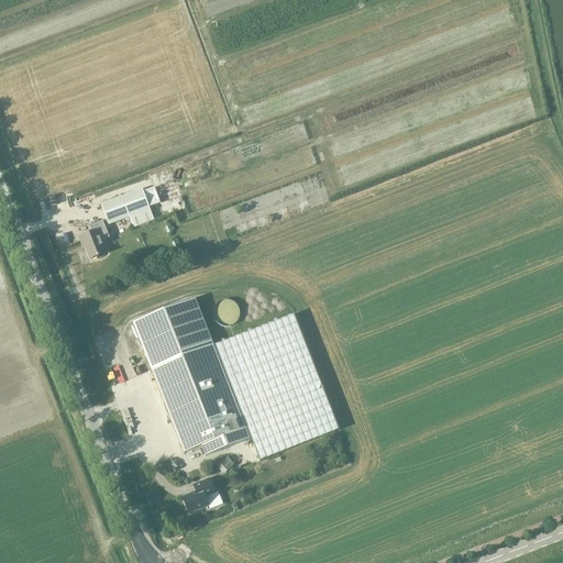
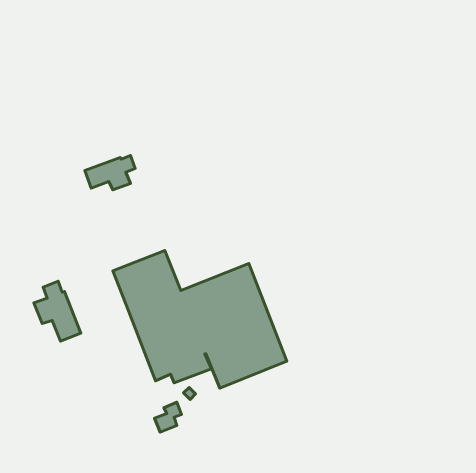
building: [81,218,109,255] -> none
building: none -> [34,281,81,341]

